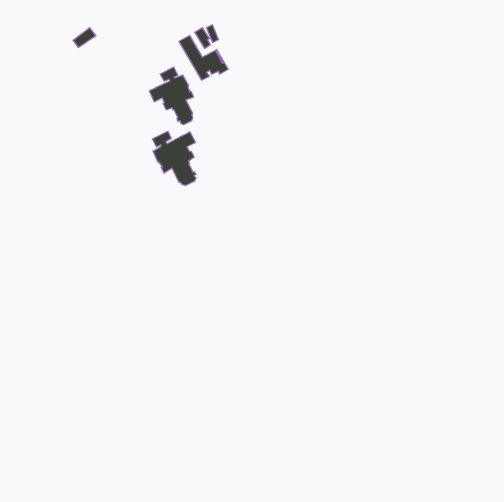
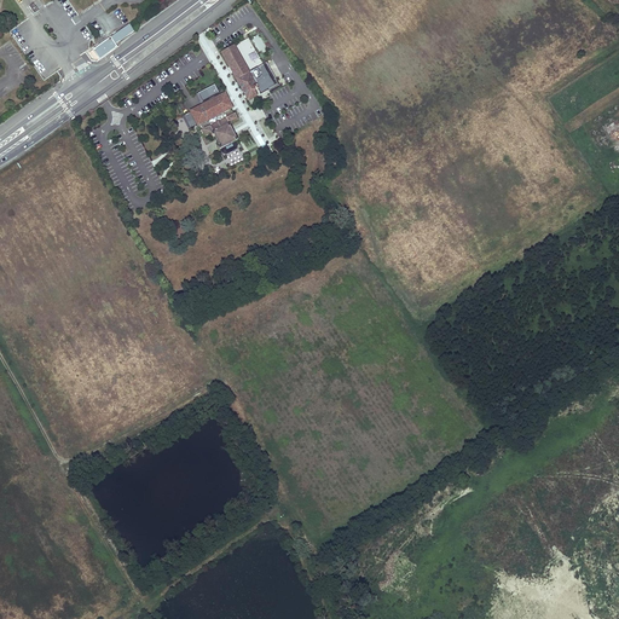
building: [152,131,196,186] -> none

